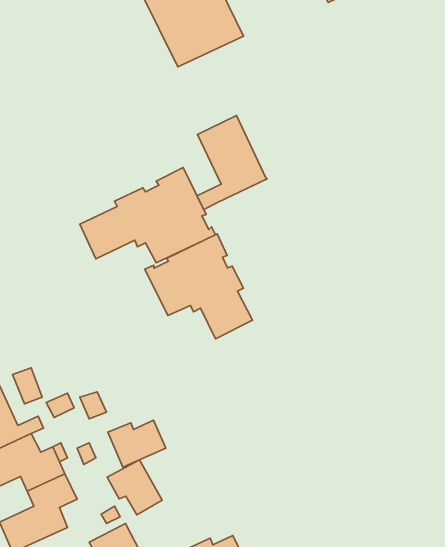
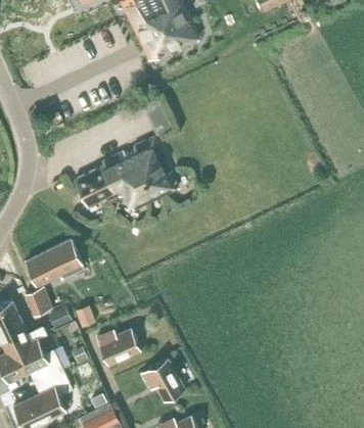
building: [197,116,267,209] -> none
building: [145,234,253,339] -> none
building: none -> [27,241,83,284]
building: [107,460,162,515] -> [142,360,184,401]

